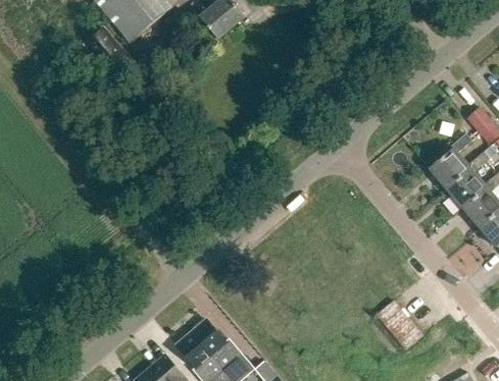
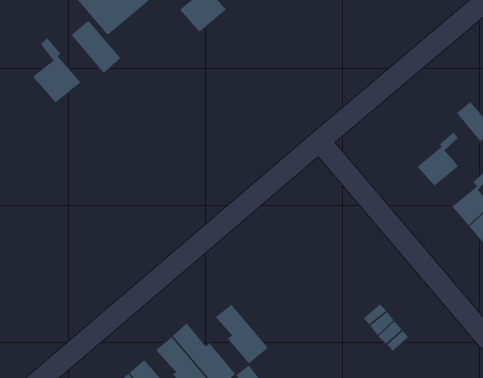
building: none -> [32,37,82,103]
building: [446,154,486,208] -> none
building: none -> [215,304,269,365]

